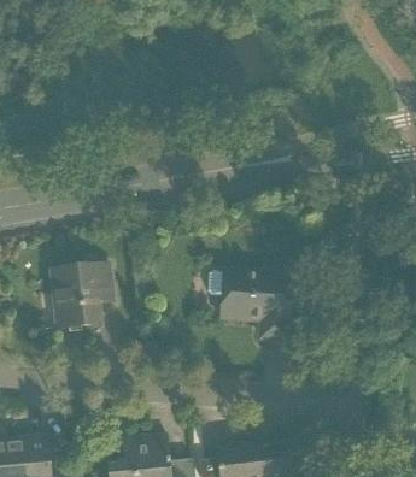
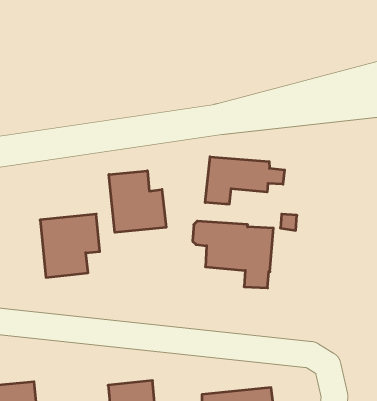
building: none -> [205,157,285,204]
building: none -> [109,171,166,232]

